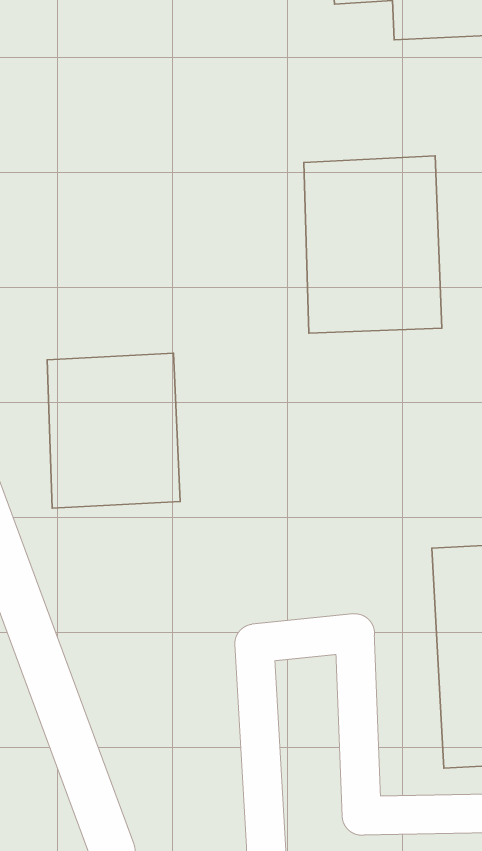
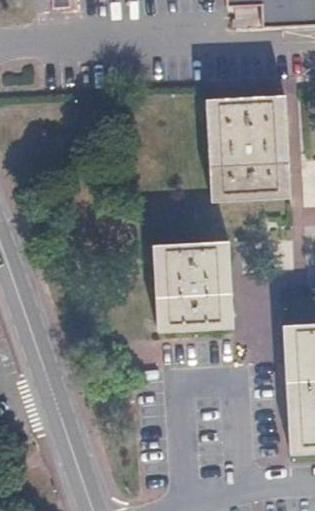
building: [47,353,180,508] -> [154,240,232,331]

